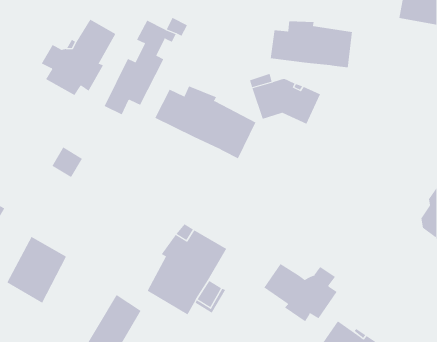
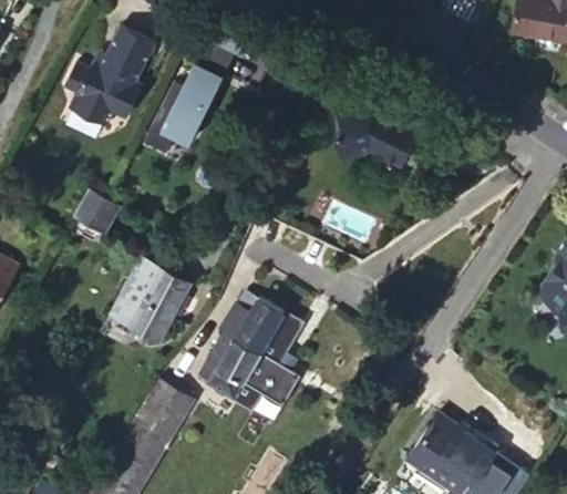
building: [270,21,352,68] -> none
building: [155,85,256,159] -> none
building: [7,236,67,304] -> [111,258,187,343]
building: [264,263,338,322] -> none

